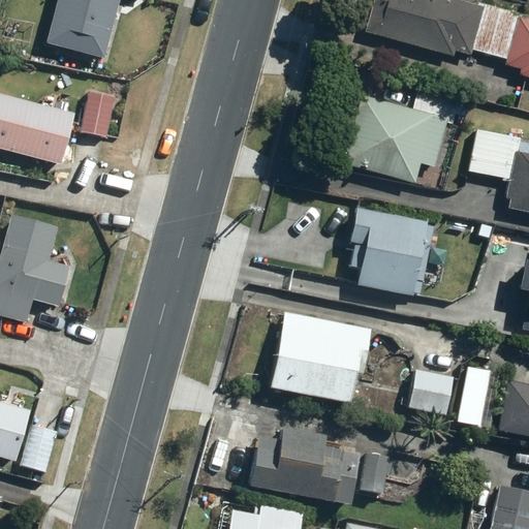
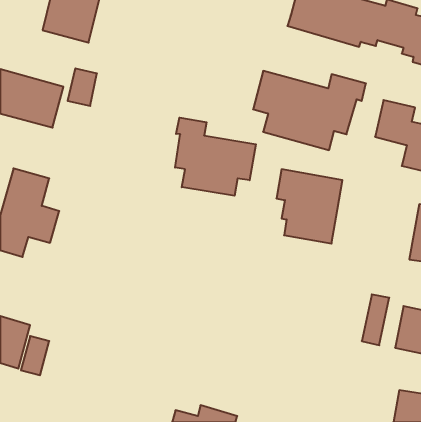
building: none -> [175,118,256,196]
building: [267,311,369,407] -> none
building: [404,367,454,418] -> none
building: [244,427,392,512] -> none

